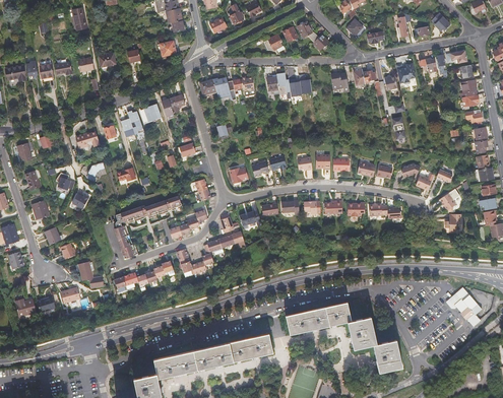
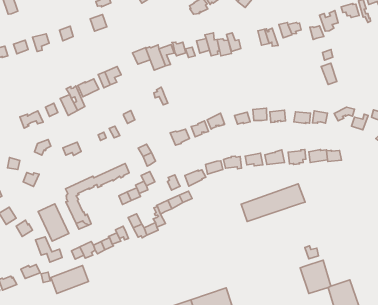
building: none -> [38,204,69,241]
building: none -> [51,266,88,293]
building: [286,302,352,334] -> [241,184,305,221]

